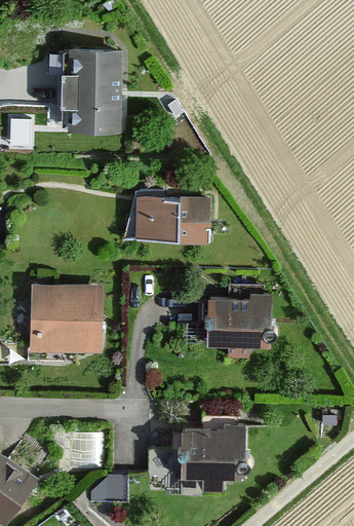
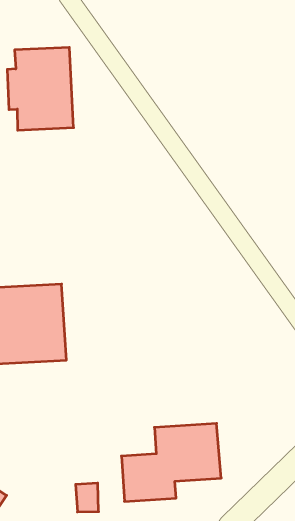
building: [120,190,213,246] -> none
building: [207,292,274,348] -> none

